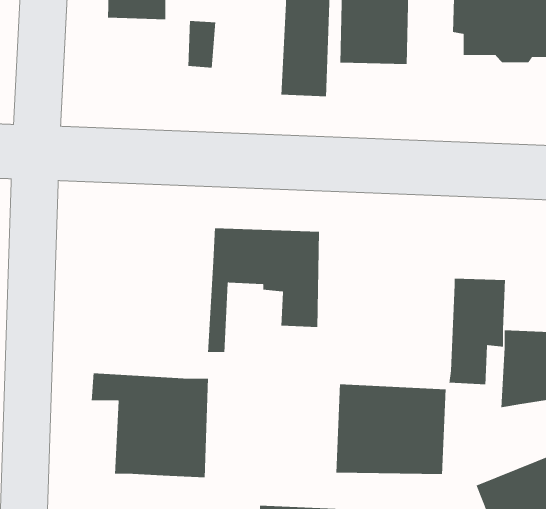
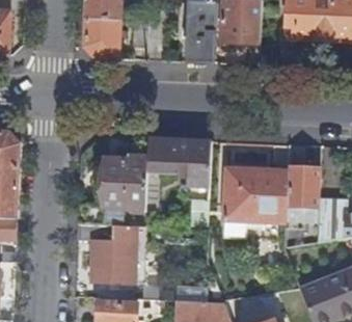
building: none -> [85,16,120,57]
building: none -> [78,156,147,224]
building: [336,384,446,475] -> [223,167,288,220]

